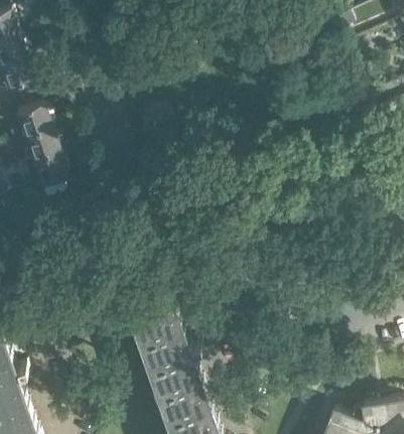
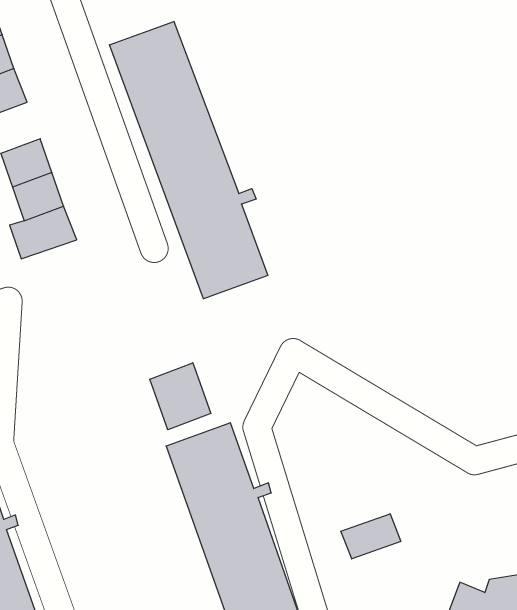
building: none -> [109,21,268,299]
building: none -> [150,363,211,430]
building: none -> [341,514,401,559]

